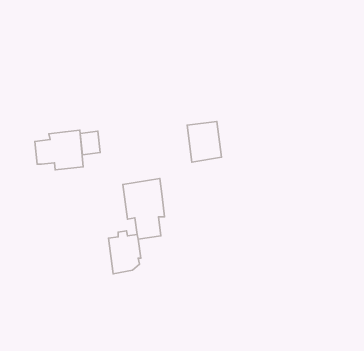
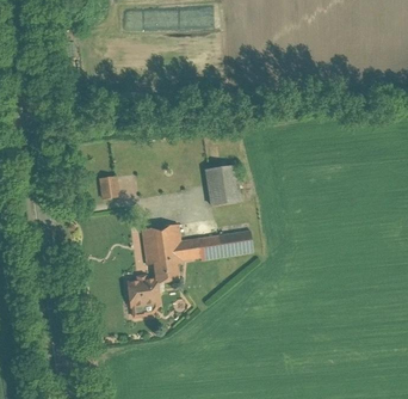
building: [35,130,83,170] -> none
building: none -> [181,231,252,260]

